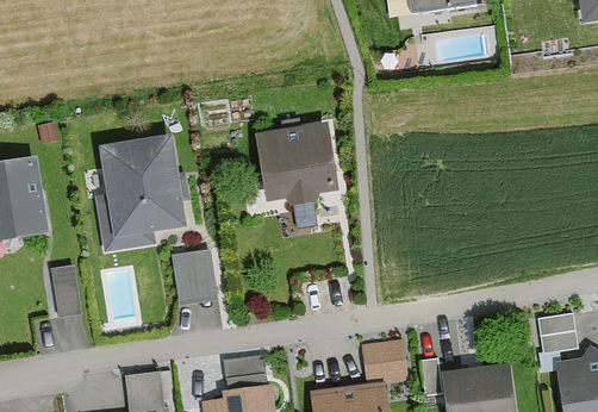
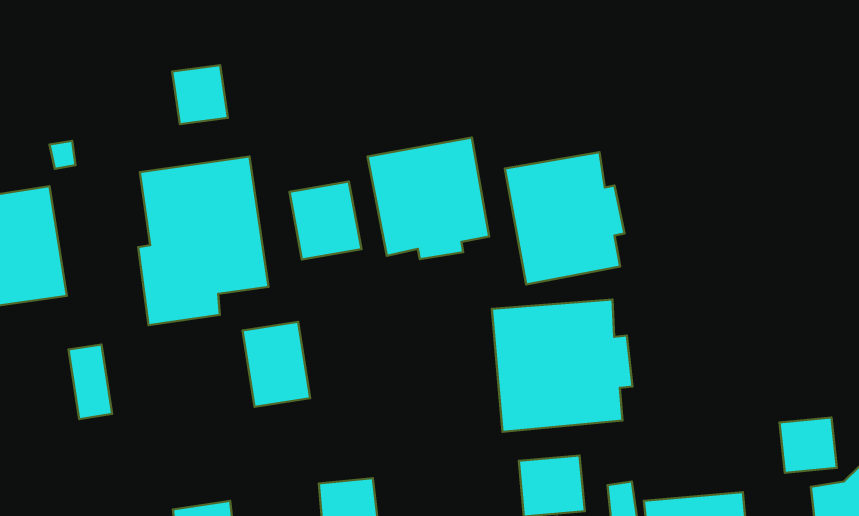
building: none -> [172,65,228,124]
building: none -> [505,152,624,285]
building: none -> [289,182,361,260]
building: none -> [492,300,632,432]

